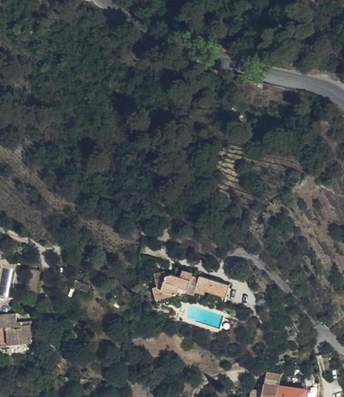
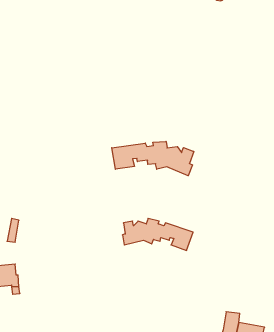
building: none -> [112,141,194,176]

